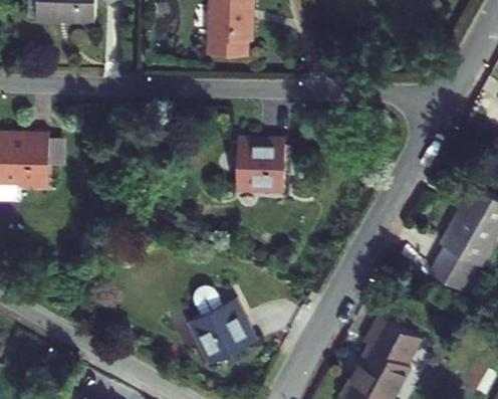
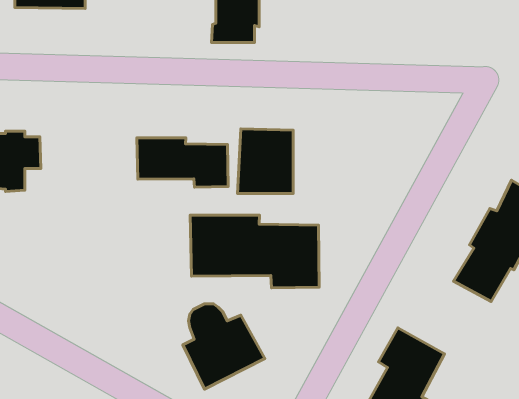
building: none -> [137,138,228,187]
building: none -> [190,215,319,288]

